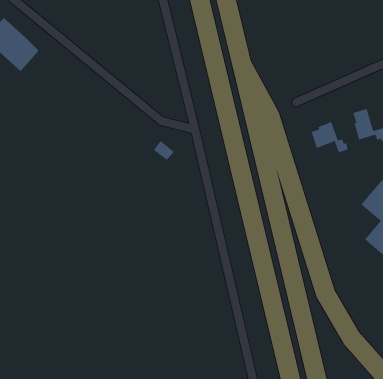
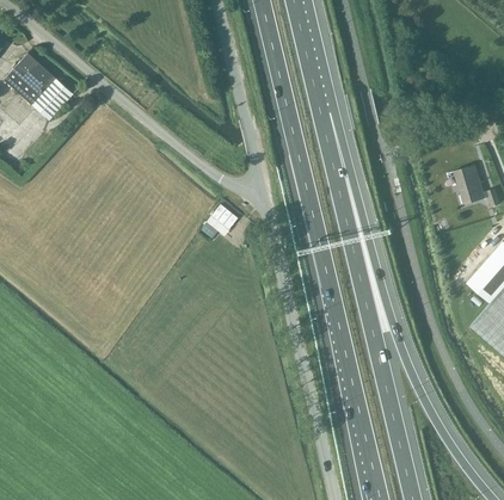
building: [311,121,348,153] -> none

